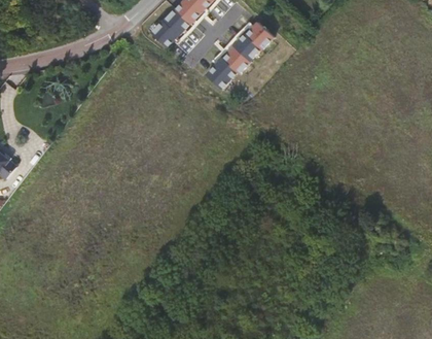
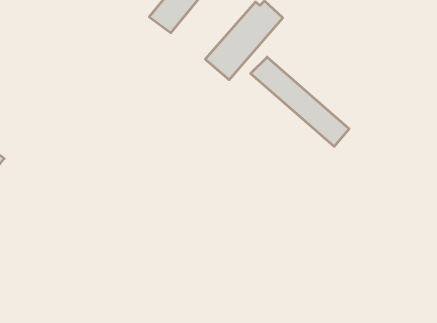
building: none -> [251,57,349,146]

